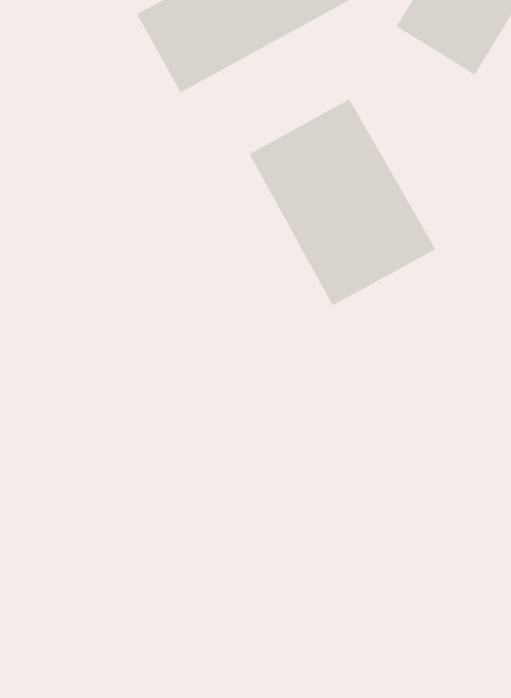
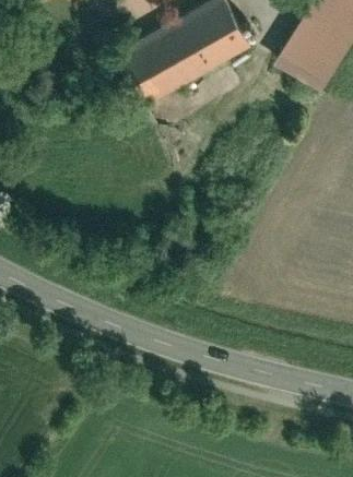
building: [249,98,436,306] -> none

